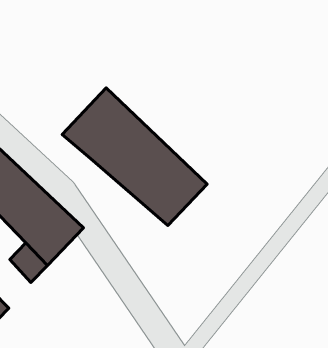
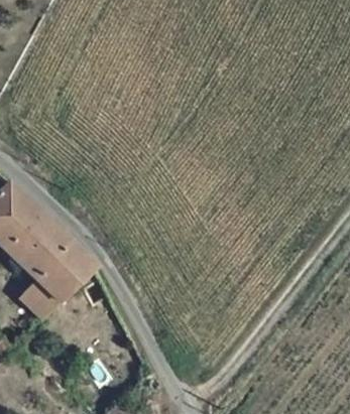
building: [62,88,207,225] -> none

